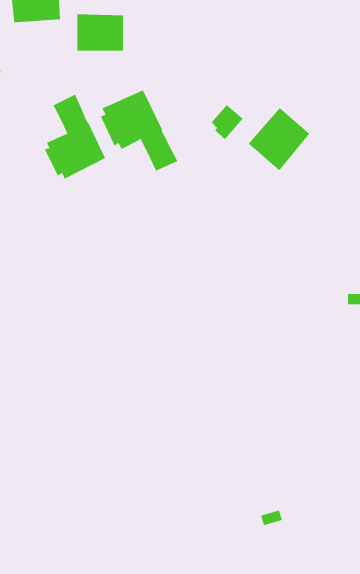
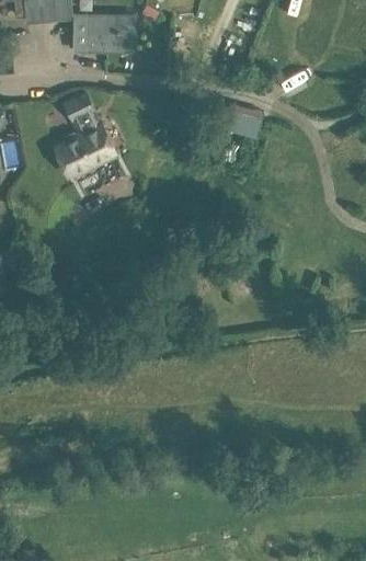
building: [100,90,178,172] -> none
building: [248,107,310,171] -> none

